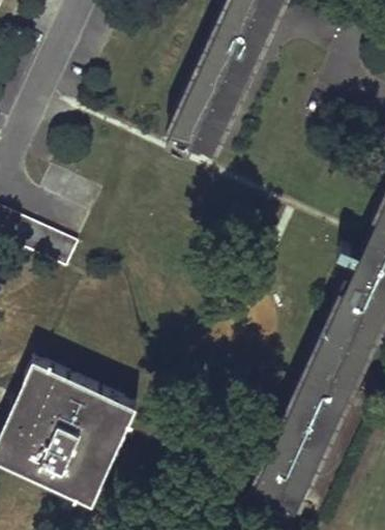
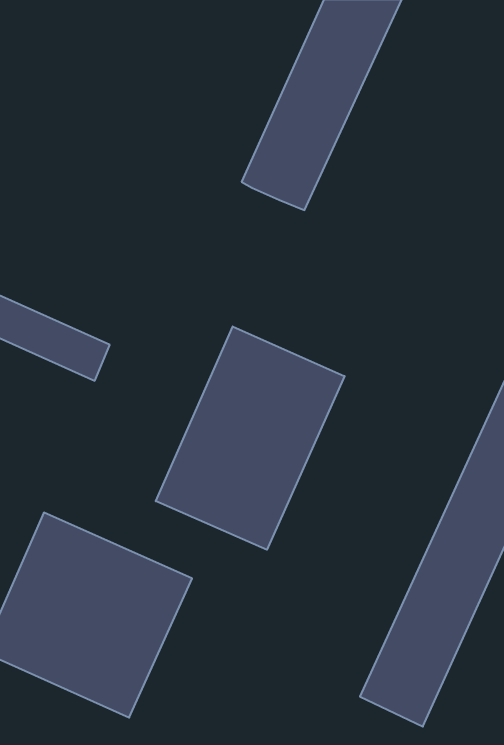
building: none -> [156,326,345,550]

